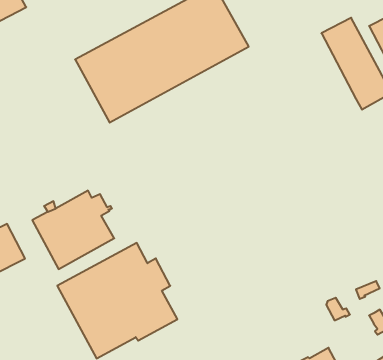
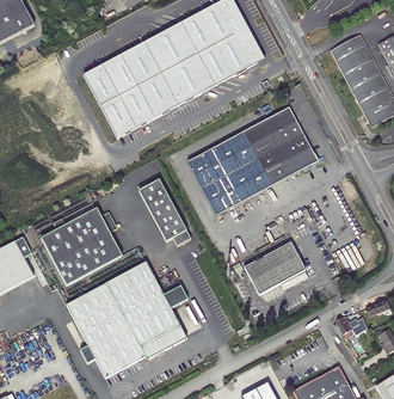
building: none -> [186,105,319,214]
building: none -> [138,179,191,245]
building: none -> [244,240,306,293]

